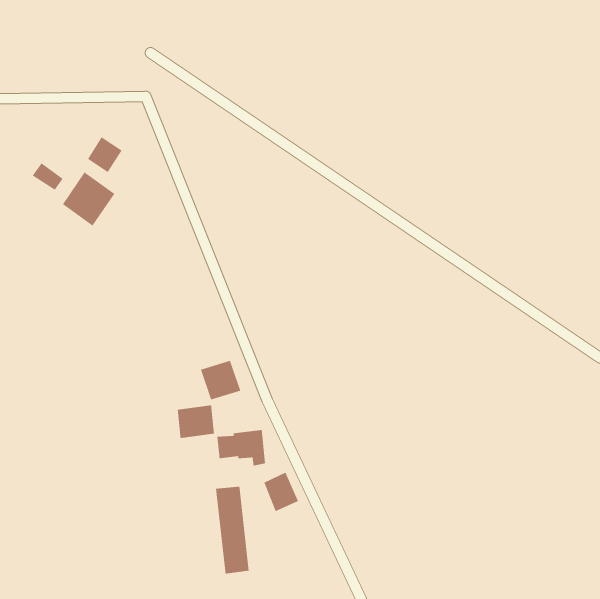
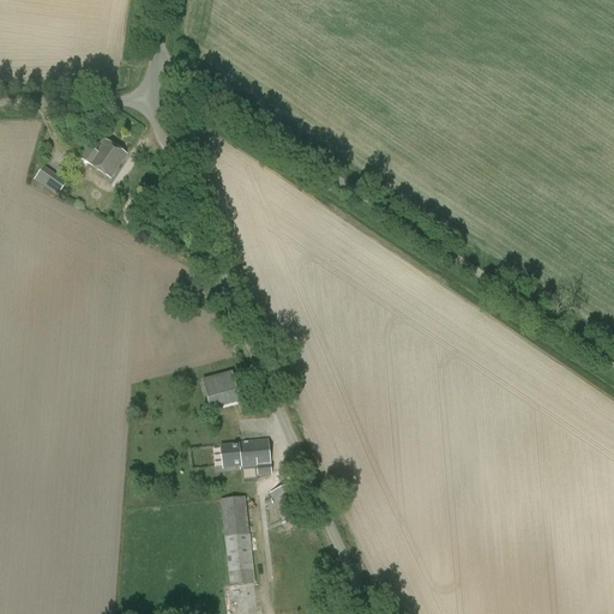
building: [62,171,115,227] -> none
building: [177,404,215,439] -> none

